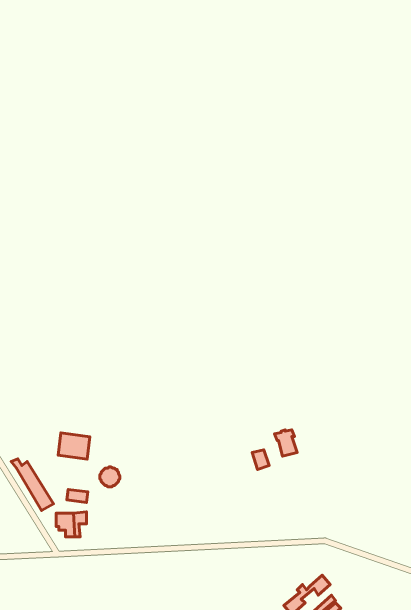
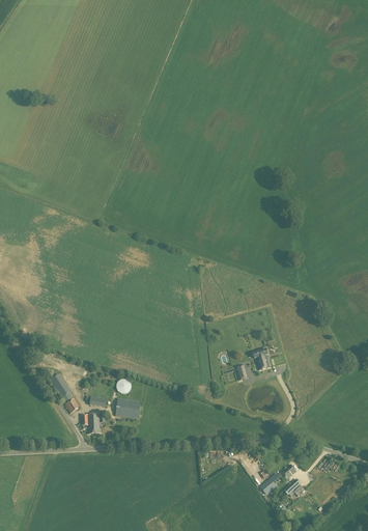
building: [58,433,90,459] -> [115,398,140,419]

